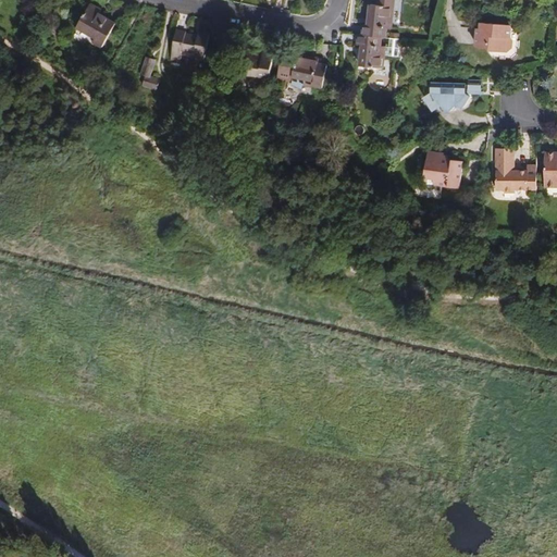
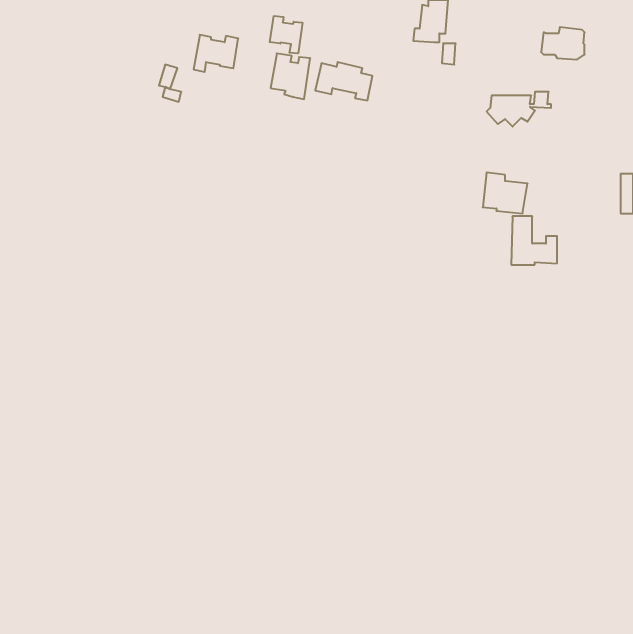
building: [76,4,115,47] -> none
building: none -> [270,16,302,53]
building: [357,35,384,69] -> none
building: [495,148,535,190] -> [511,216,557,265]

